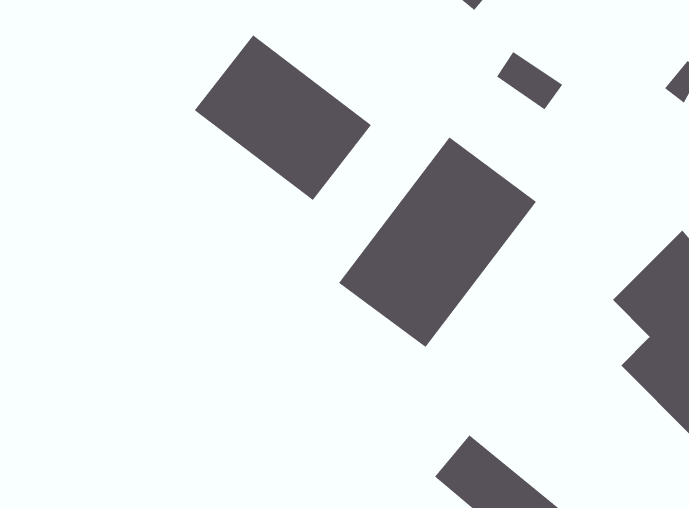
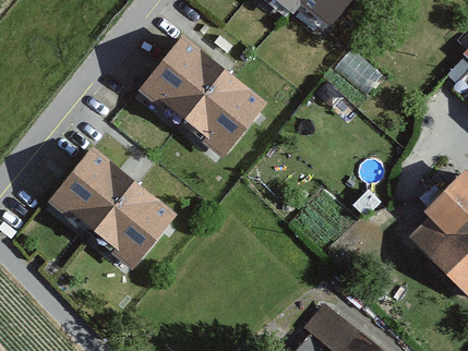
building: [338,137,537,348] -> none
building: none -> [59,157,173,265]

